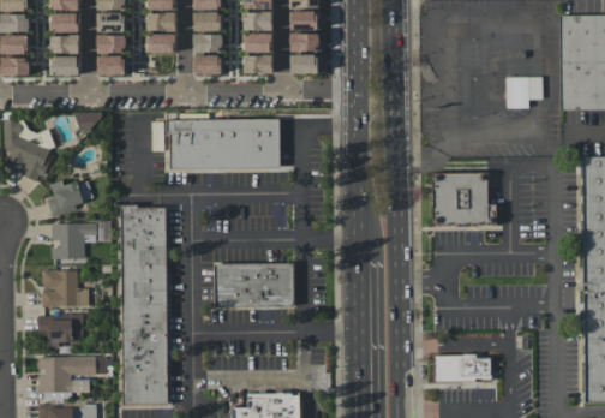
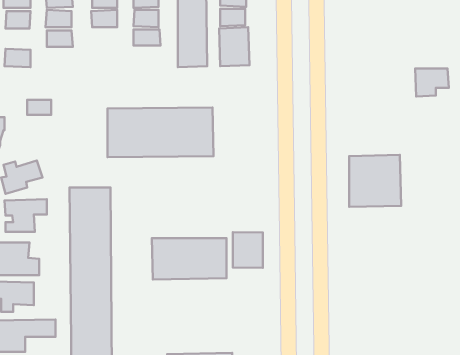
building: [148,34,175,53] -> none
building: [50,35,79,53] -> none
building: [194,54,221,74] -> none
building: [97,55,125,76] -> none
building: none -> [233,232,263,268]
building: [432,357,496,386] -> none

